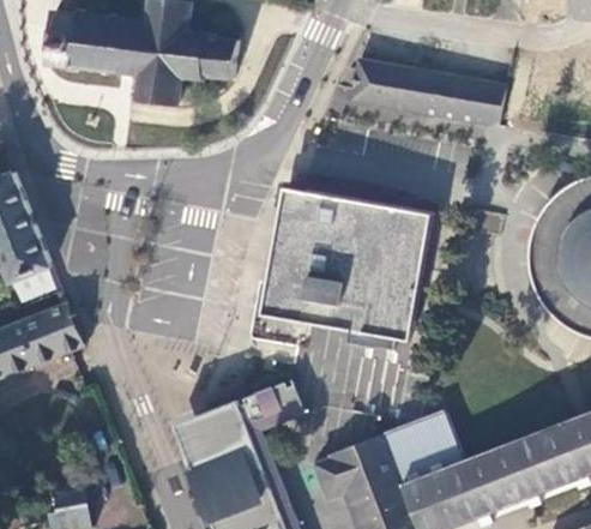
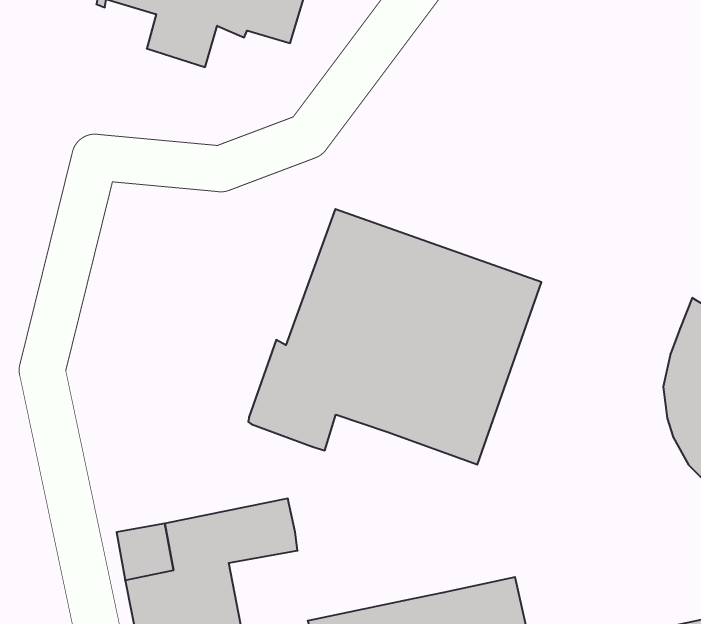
building: [344,61,496,125] -> none

